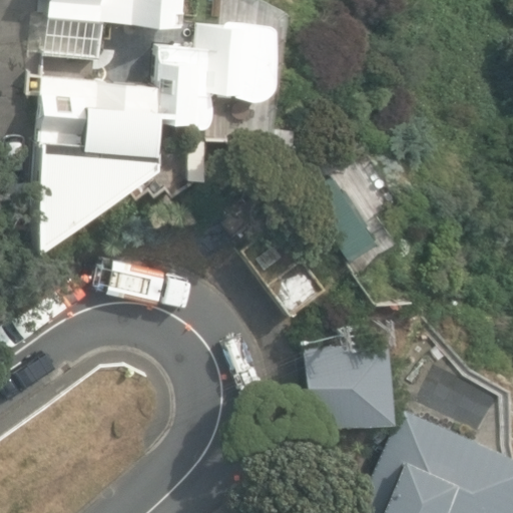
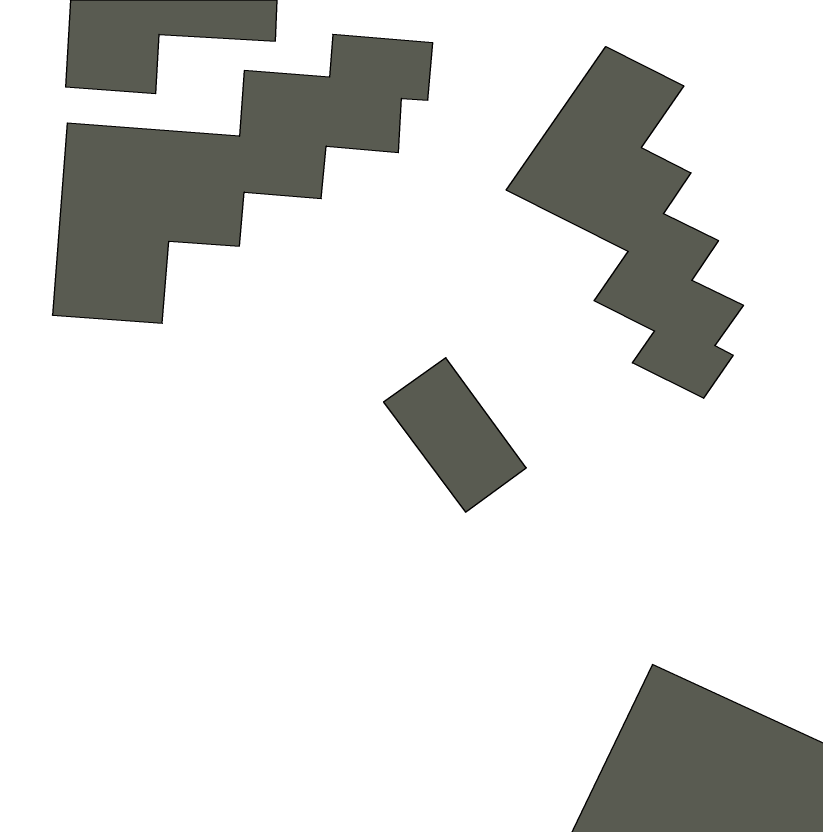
building: none -> [506,47,743,398]
building: [310,343,392,426] -> none

